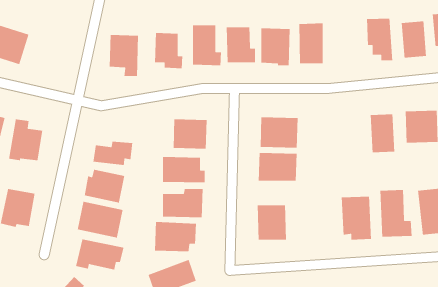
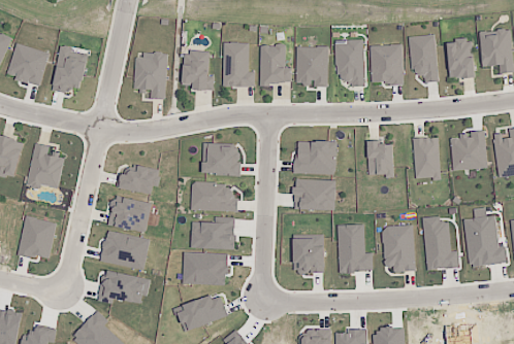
building: none -> [370,44,403,84]
building: none -> [53,47,88,93]
building: none -> [366,140,393,175]
building: none -> [338,223,373,272]

